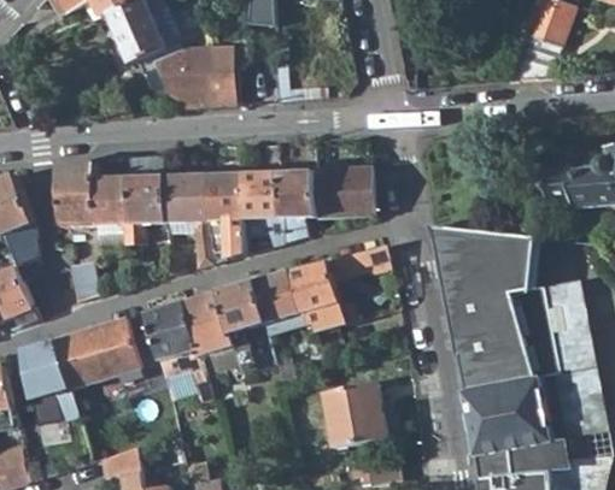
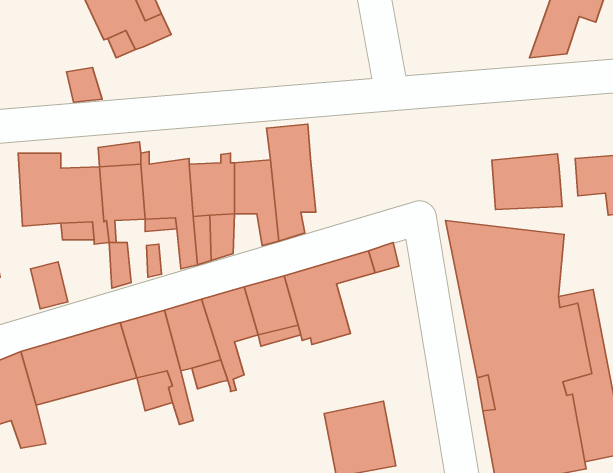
building: [165,49,235,111] -> none
building: none -> [492,154,562,209]
building: [311,166,371,216] -> none

